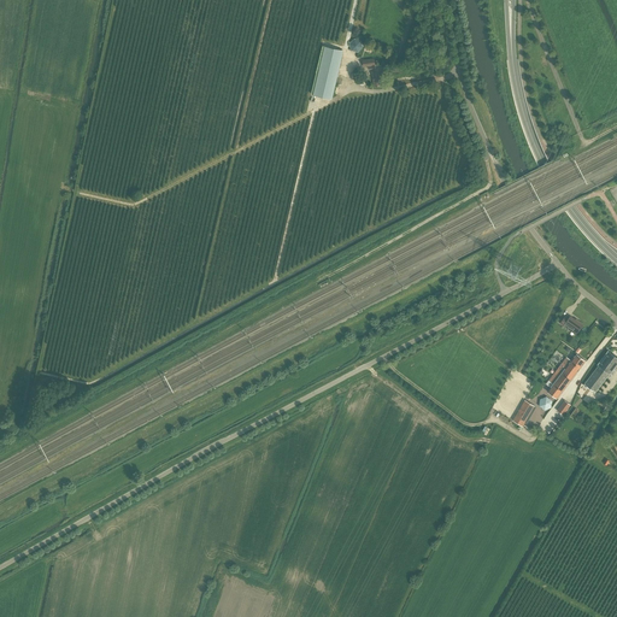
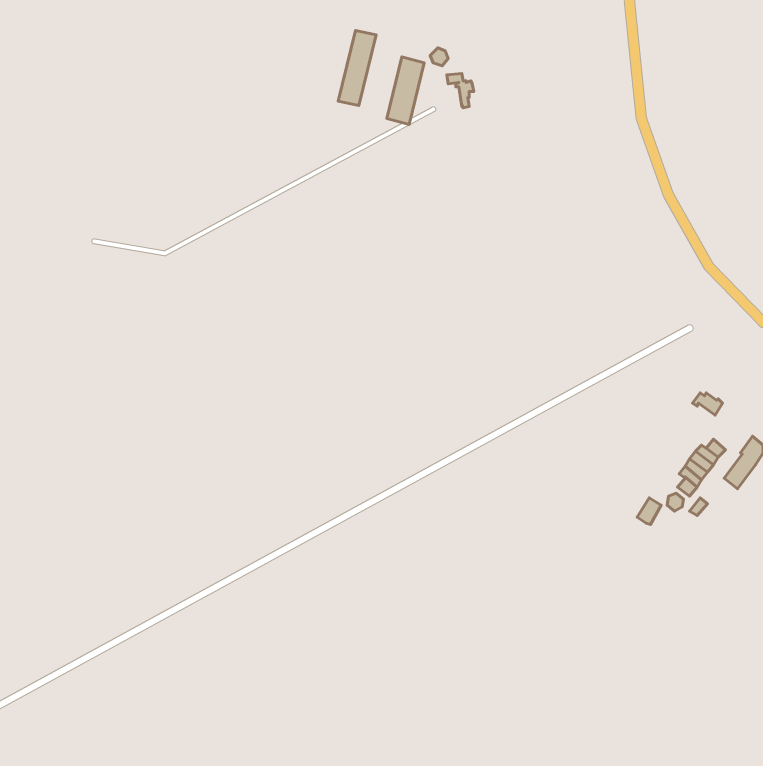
building: none -> [338,30,376,106]

